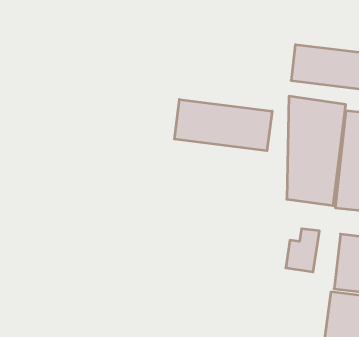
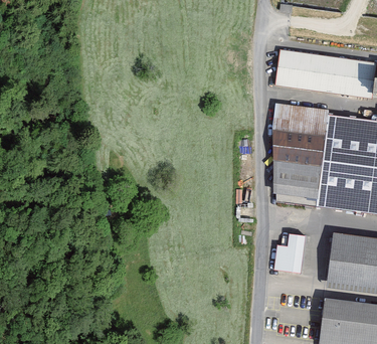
building: [174,99,272,151] -> none

